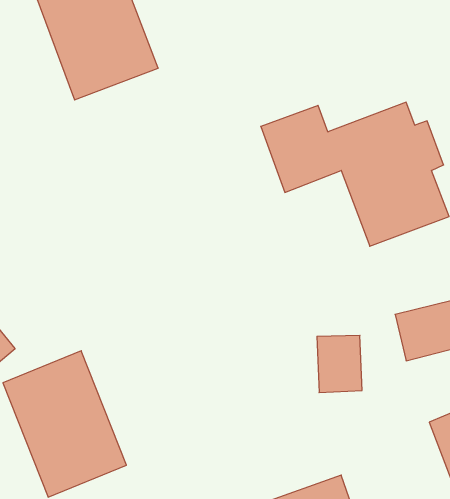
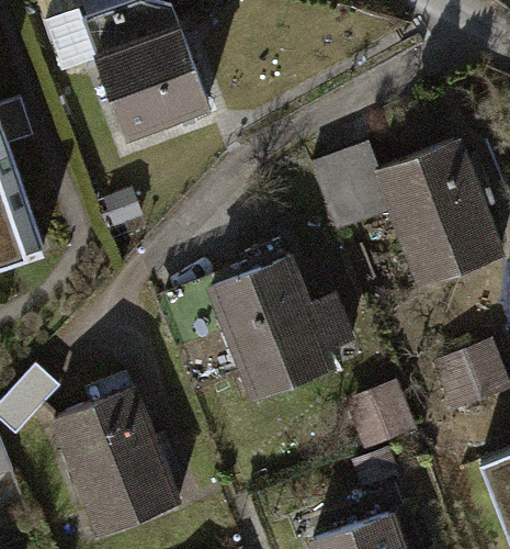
building: none -> [160,245,351,400]

